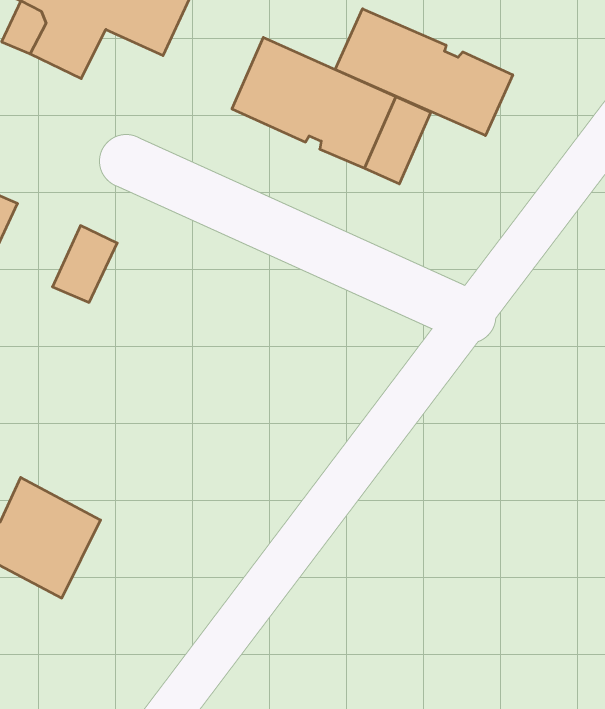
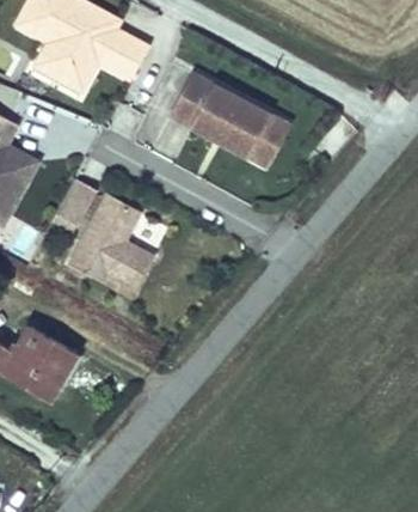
building: [335,9,513,136] -> none
building: none -> [70,193,153,287]

